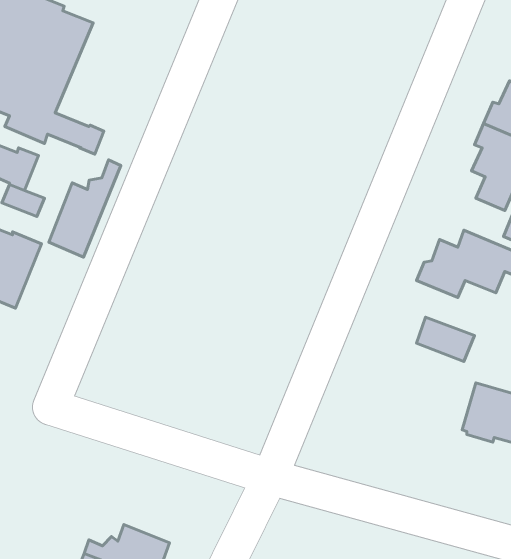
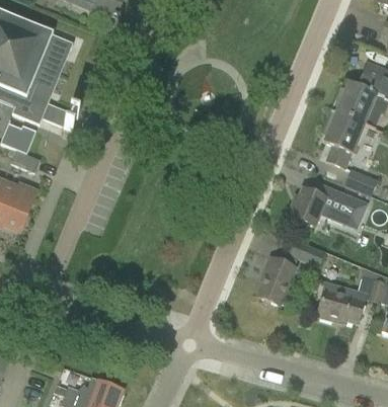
building: [49,160,121,257] -> none
building: none -> [255,256,296,304]

